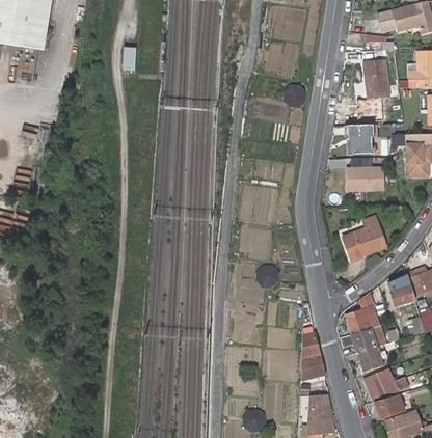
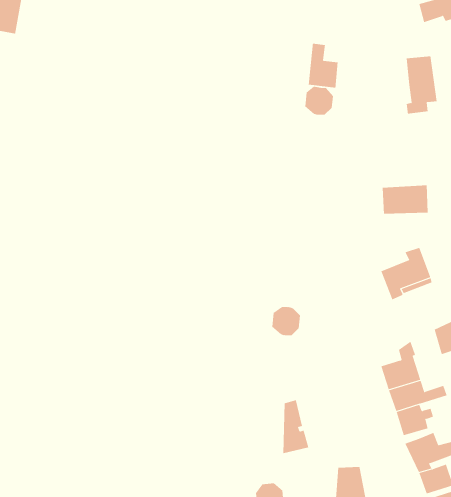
building: none -> [308,43,338,89]
building: [345,125,378,155] -> none
building: [301,332,323,377] -> [282,399,309,454]

